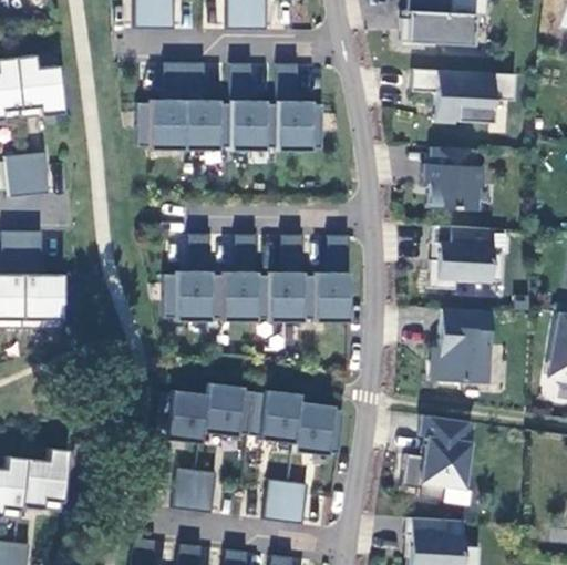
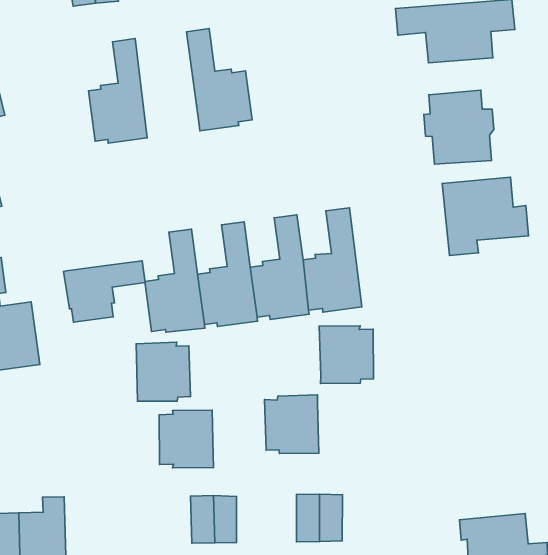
building: [183,62,229,150] -> none
building: [276,62,322,150] -> none
building: none -> [63,261,145,322]
building: [434,307,493,382] -> none
building: [203,382,254,436] -> [136,342,191,401]
building: [293,400,346,454] -> [319,326,374,383]
building: [404,414,475,499] -> none

